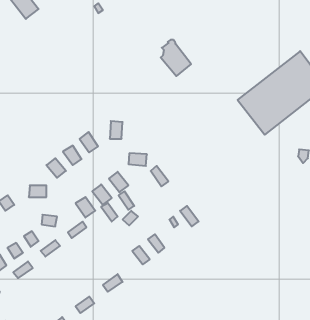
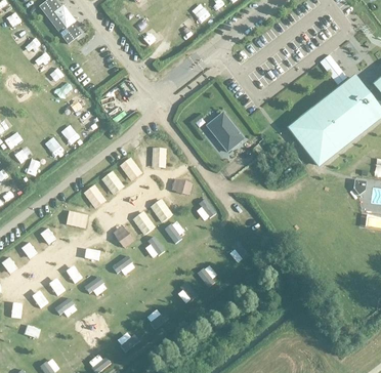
building: [161,40,191,76] -> [210,111,242,149]

